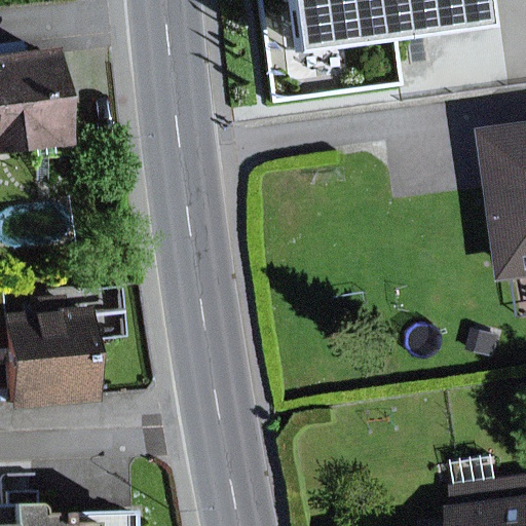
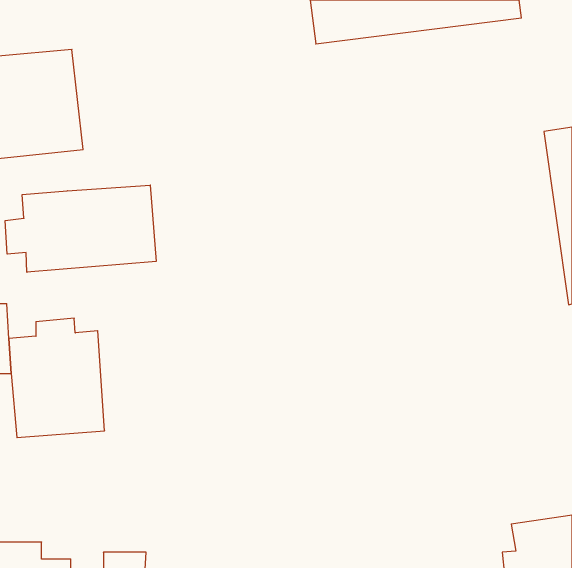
building: none -> [5,185,156,272]

